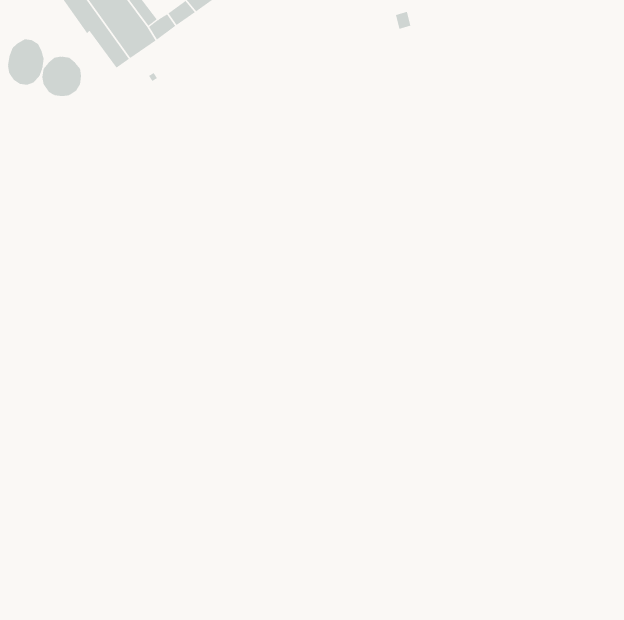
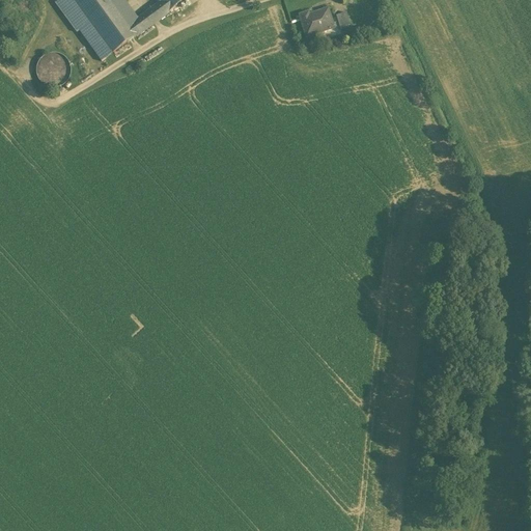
building: none -> [299,5,332,33]
building: [8,38,44,86] -> none

